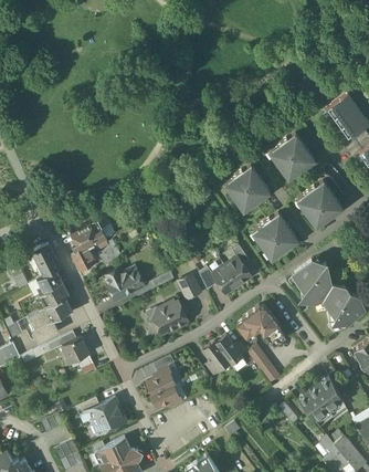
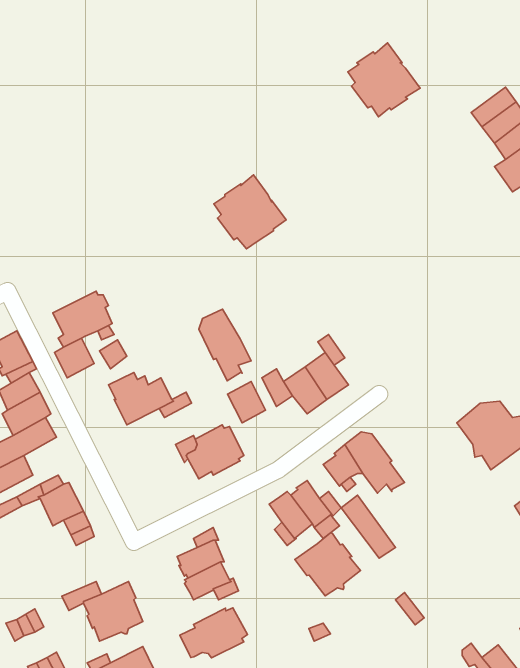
building: [272,133,316,178] -> [348,43,420,117]
building: [226,165,271,210] -> [214,175,286,249]
building: [299,181,344,225] -> none
building: [254,213,298,258] -> none
building: none -> [199,309,251,381]
building: [293,261,333,302] -> none
building: none -> [295,532,360,596]
building: [298,376,341,419] -> none
building: none -> [180,608,247,658]

